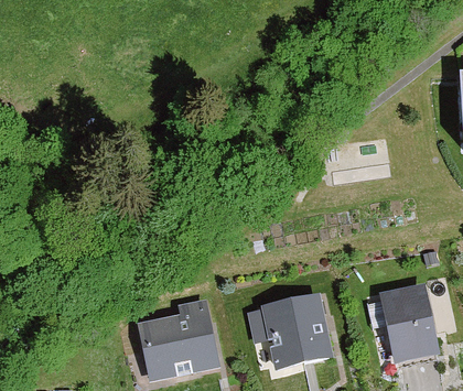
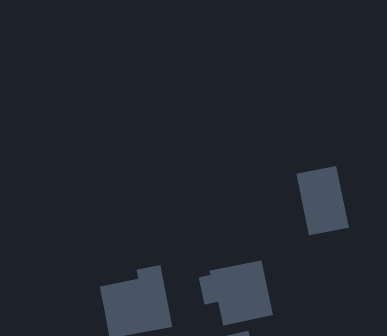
building: [378,283,439,361] -> [295,166,350,236]

